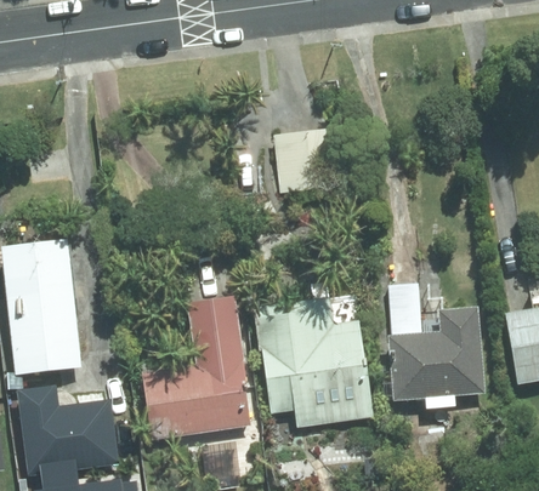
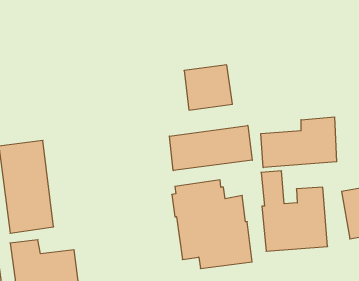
building: none -> [261,117,337,168]
building: none -> [169,125,252,171]
building: [142,295,251,439] -> none

